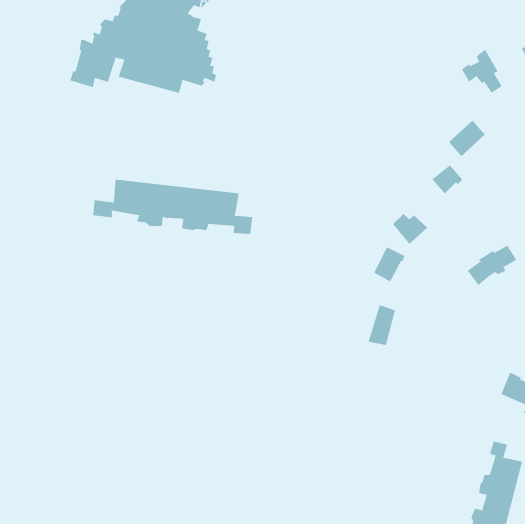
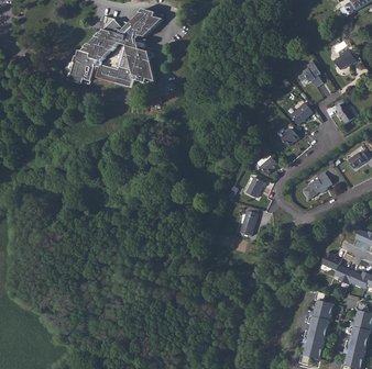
building: [93,179,253,235] -> none

